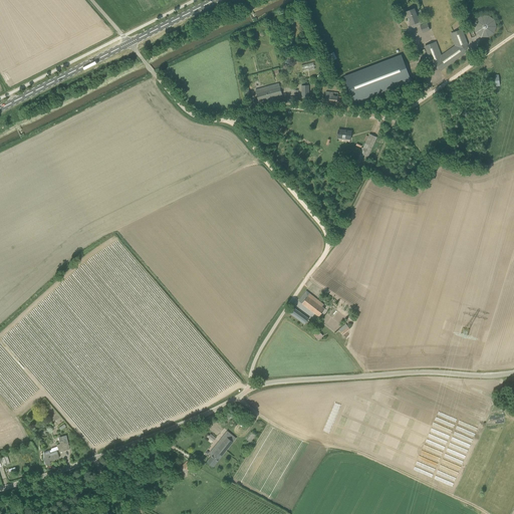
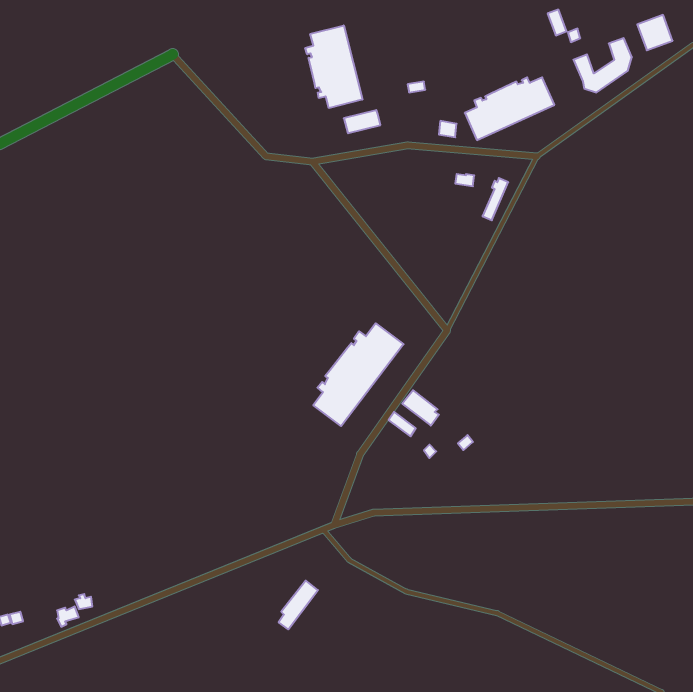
building: none -> [305,25,362,108]
building: none -> [313,323,404,426]

